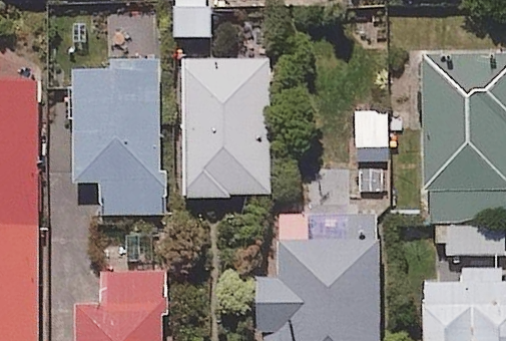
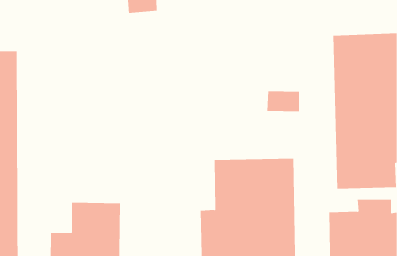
building: [183,58,270,195] -> none
building: [67,63,162,212] -> none

